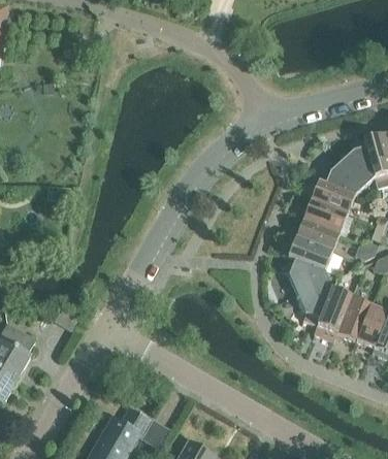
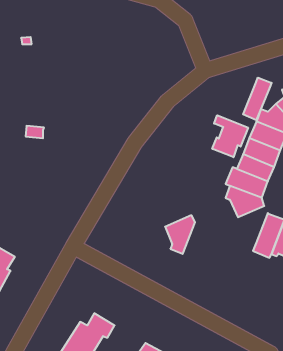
building: none -> [243,78,272,120]
building: none -> [212,115,248,157]
building: [298,281,333,326] -> [165,215,195,254]

